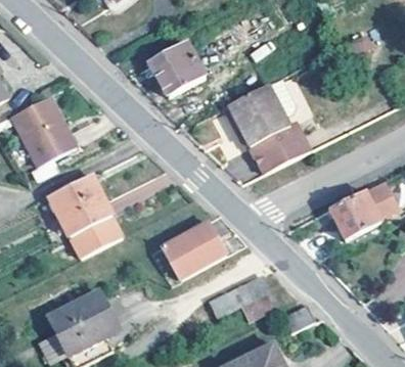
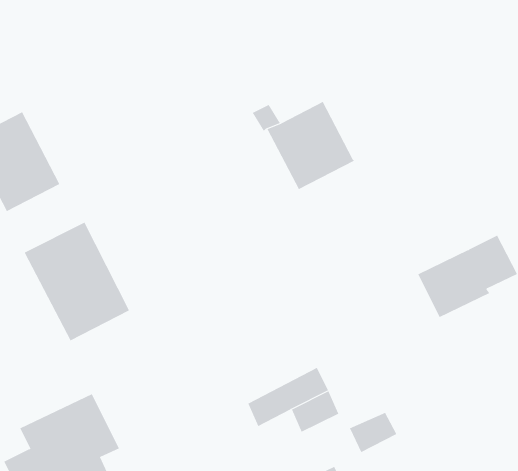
building: [148,41,204,96] -> none
building: [245,123,305,175] -> none
building: [161,221,225,279] -> none

